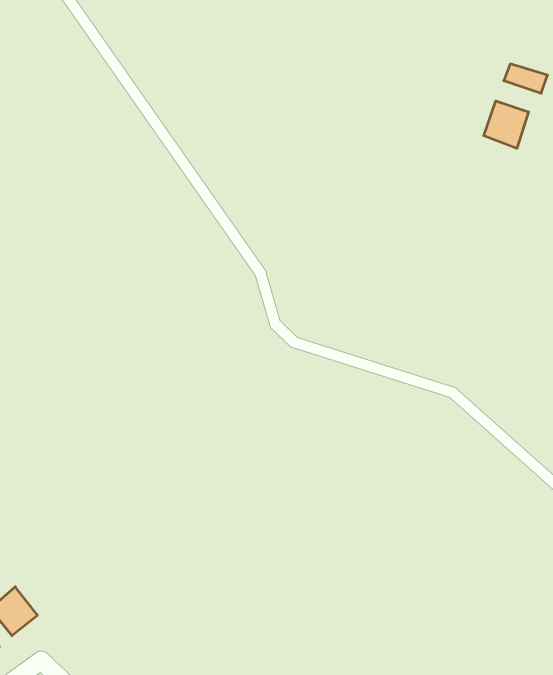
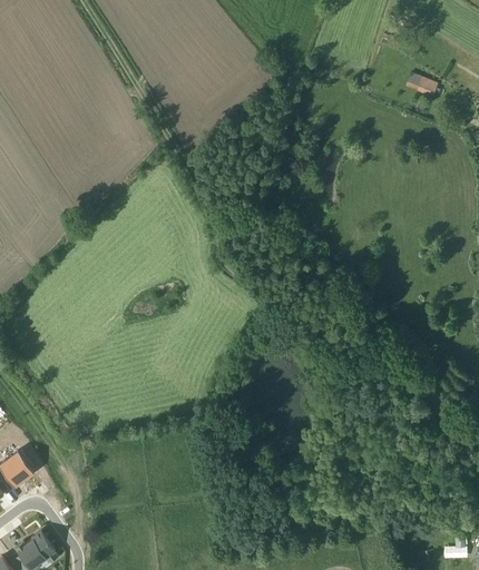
building: [484,101,529,148] -> none

